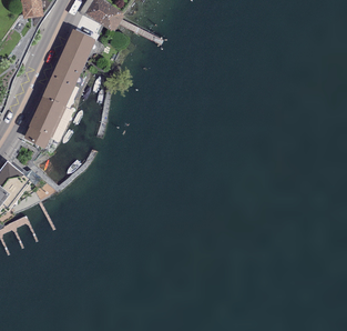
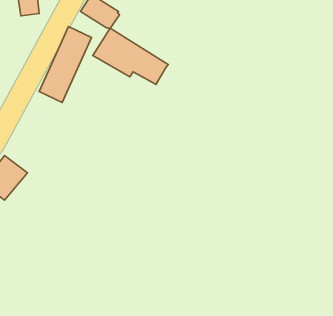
building: none -> [93,28,168,85]
building: [23,94,67,148] -> none

